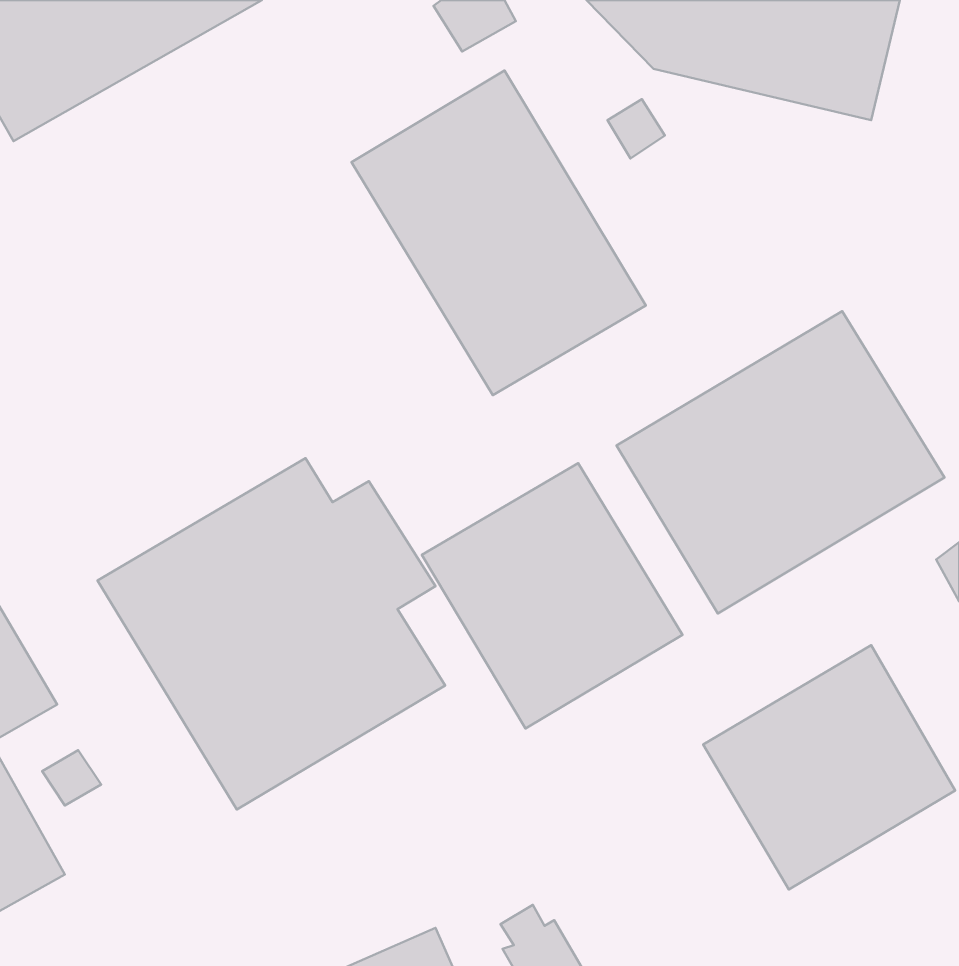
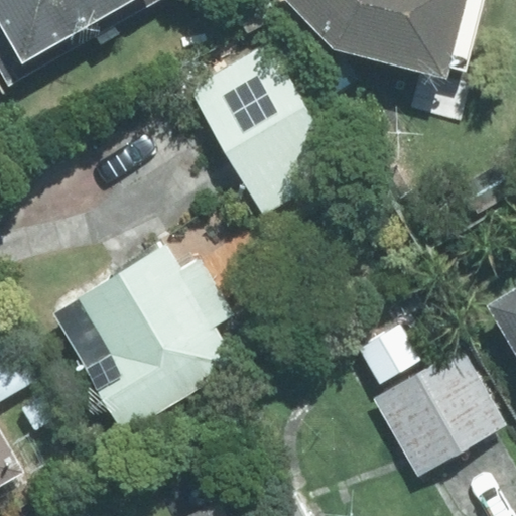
building: [617,311,944,614] -> none
building: [422,463,682,729] -> none

